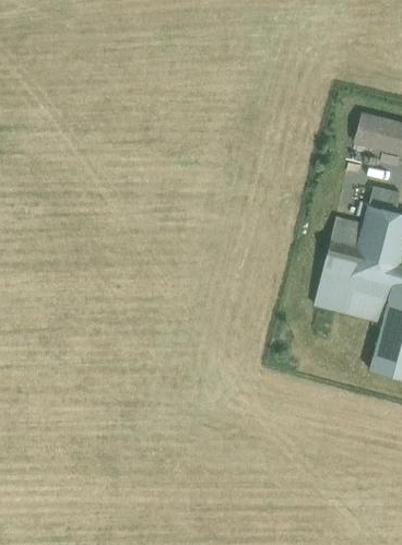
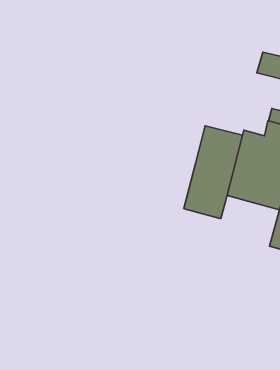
building: none -> [184,126,242,218]

